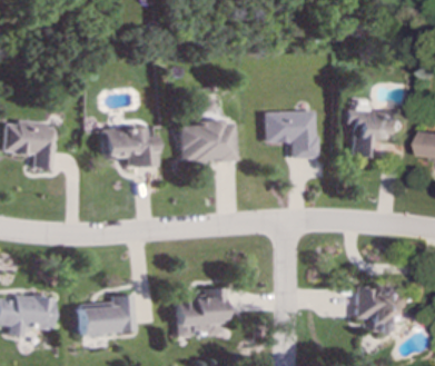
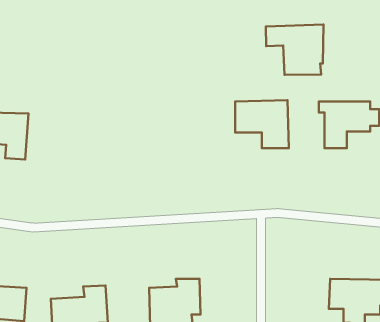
building: none -> [266,25,324,75]
building: [178,119,234,162] -> none
building: [103,128,156,167] -> none

